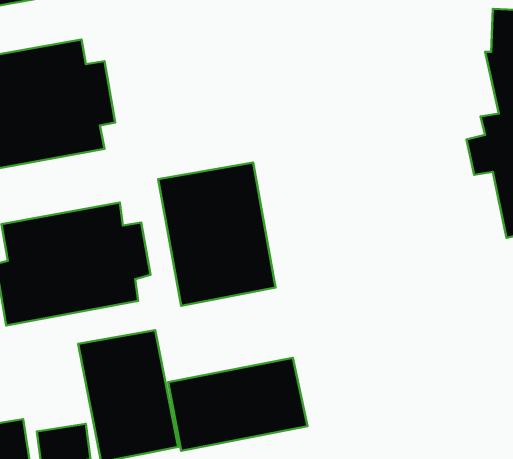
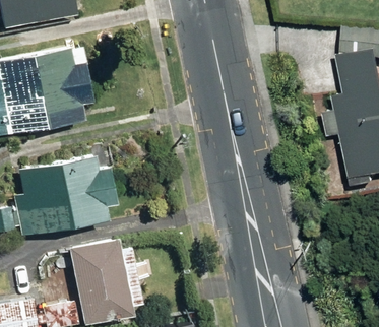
building: [158,162,276,306] -> none
building: [168,358,307,451] -> none

